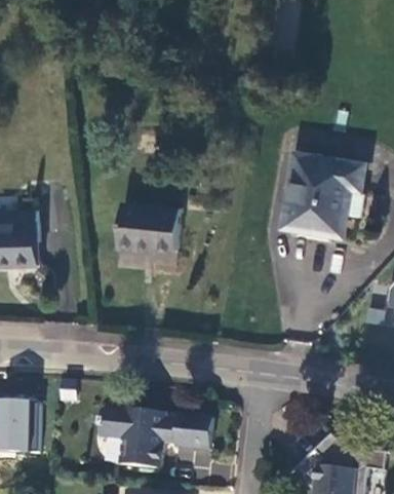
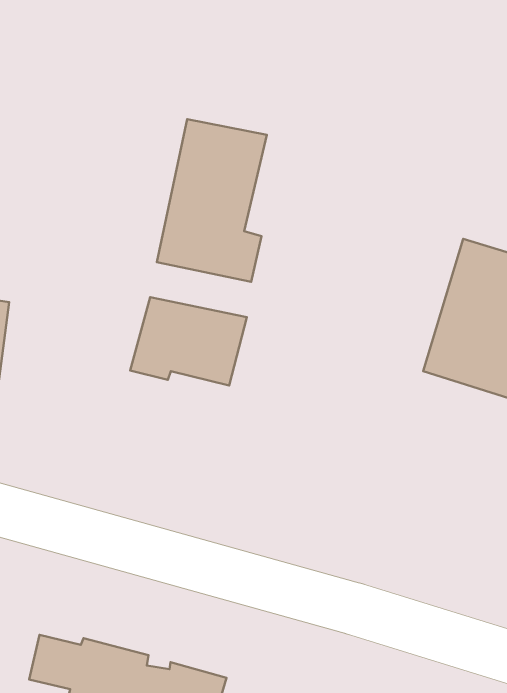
building: none -> [157,119,267,282]

